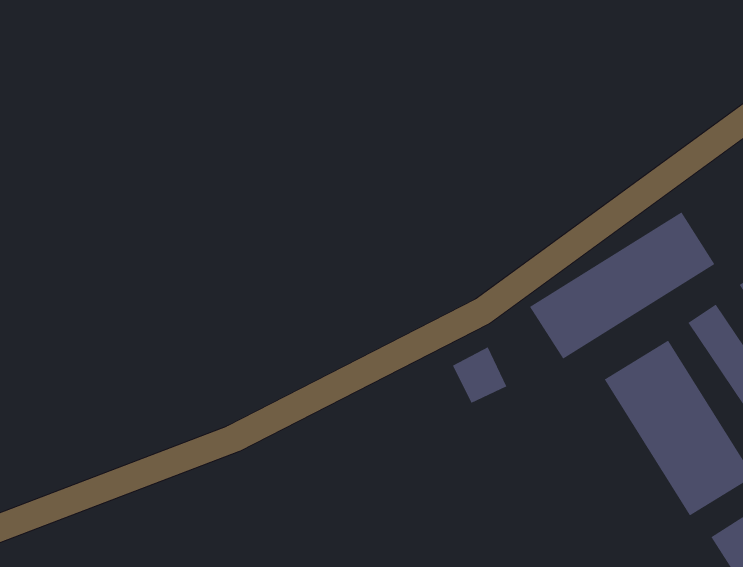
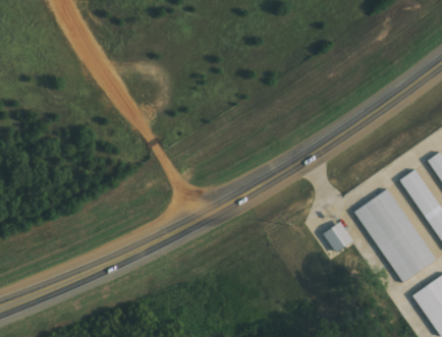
building: [529,212,715,359] -> none
building: [452,347,507,404] -> [324,222,353,252]

